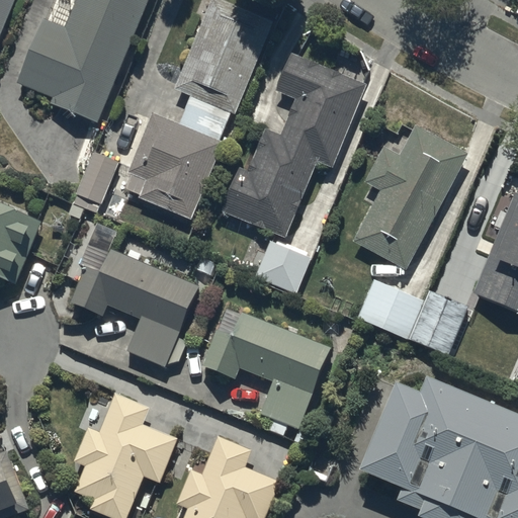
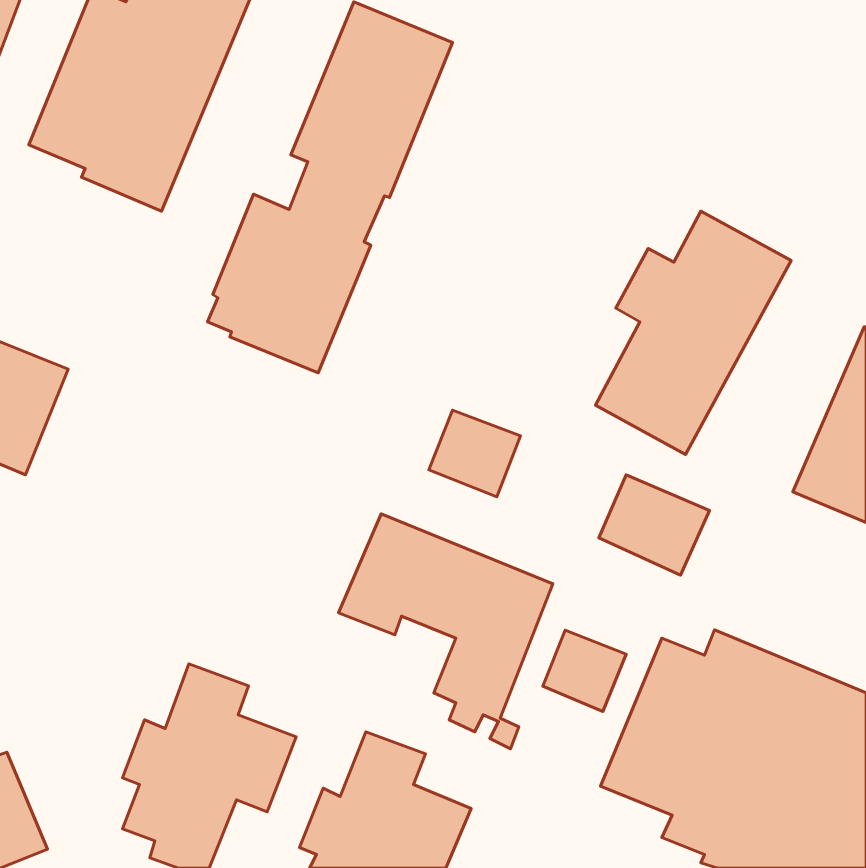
building: [225,52,368,236] -> none
building: [67,154,117,222] -> none
building: [70,222,198,366] -> none
building: [410,293,465,355] -> none
building: none -> [543,630,626,712]

